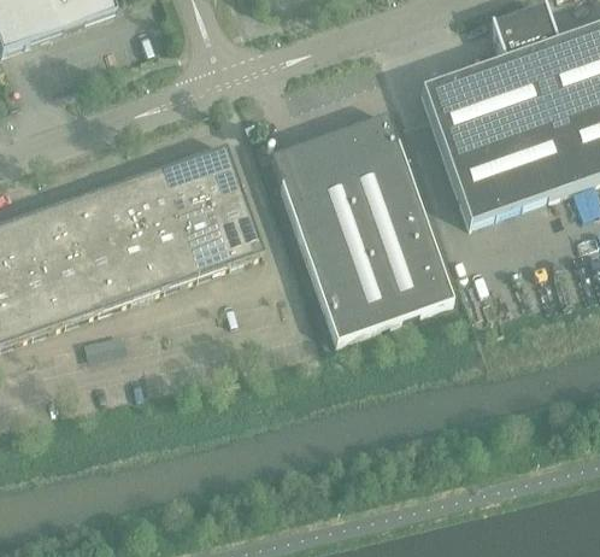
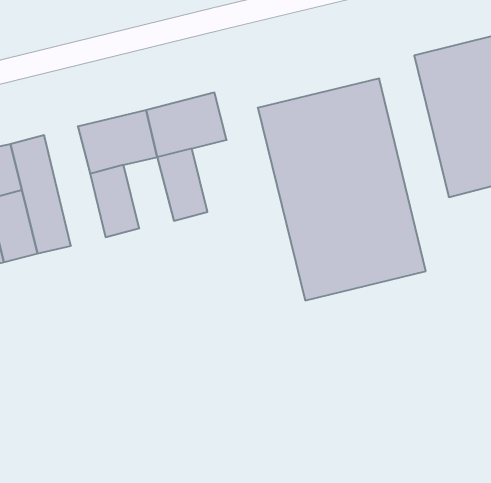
building: [208,188,264,262] -> none
building: [60,189,131,309] -> none
building: [142,212,198,285] -> none

